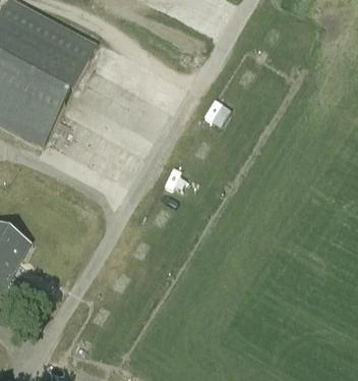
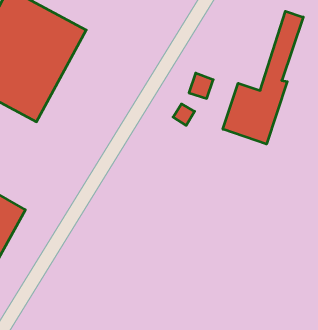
building: none -> [223,11,303,144]

